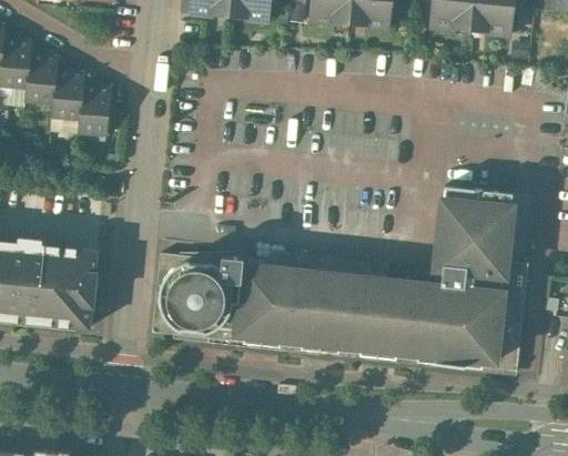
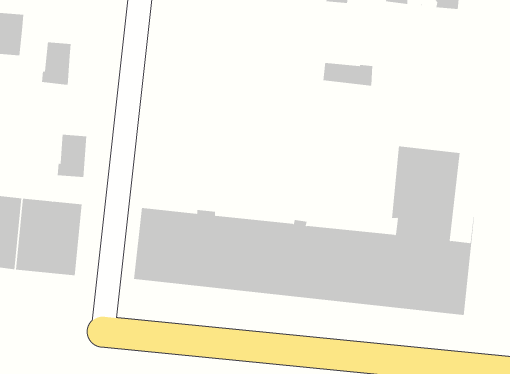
building: [26,54,59,103] -> none
building: [78,87,111,134] -> [57,134,87,177]
building: none -> [323,62,373,87]

